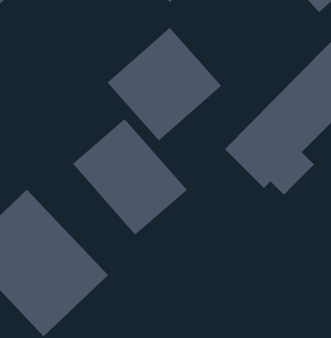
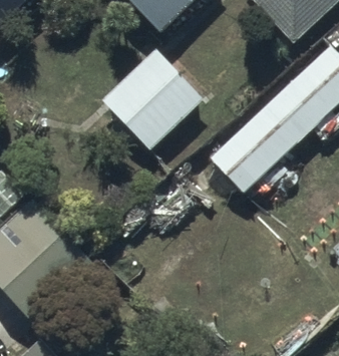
building: [72,118,188,236] -> none

